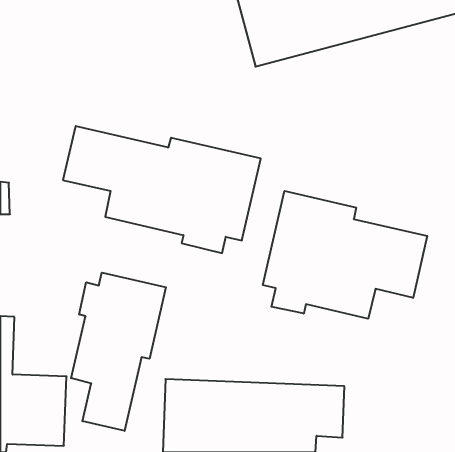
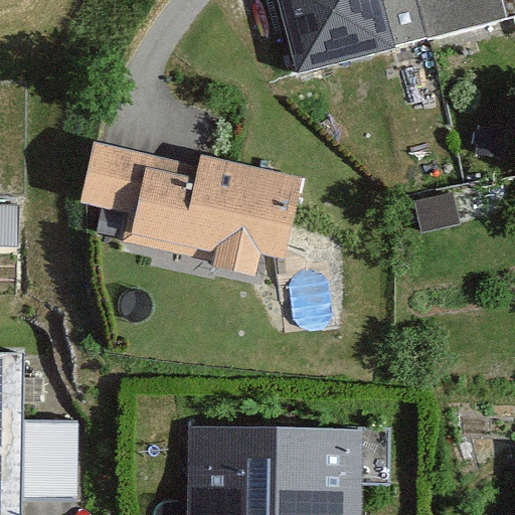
building: [263,191,427,319] -> none
building: [71,273,166,431] -> none

